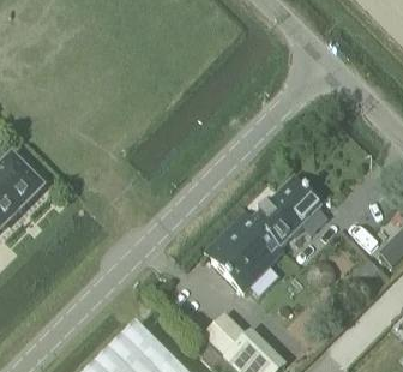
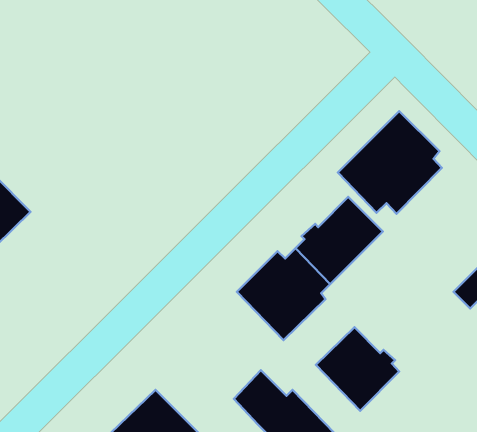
building: none -> [338,111,442,214]
building: none -> [316,327,399,411]

